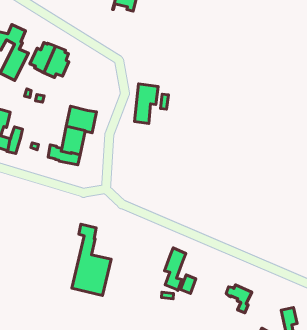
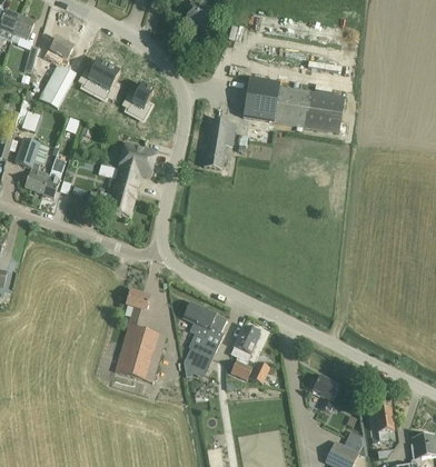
building: none -> [244,80,345,132]
building: none -> [123,83,156,122]
building: none -> [184,301,226,378]

